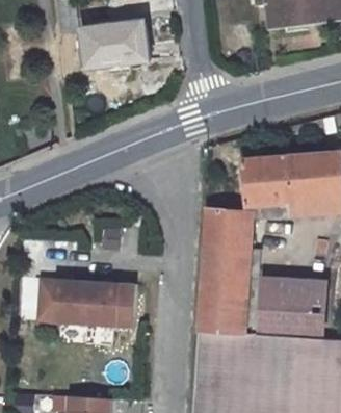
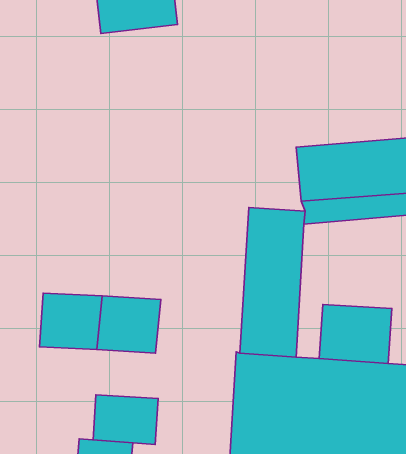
building: none -> [93,395,158,445]

